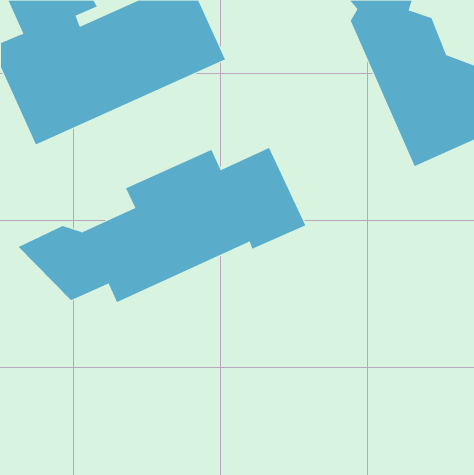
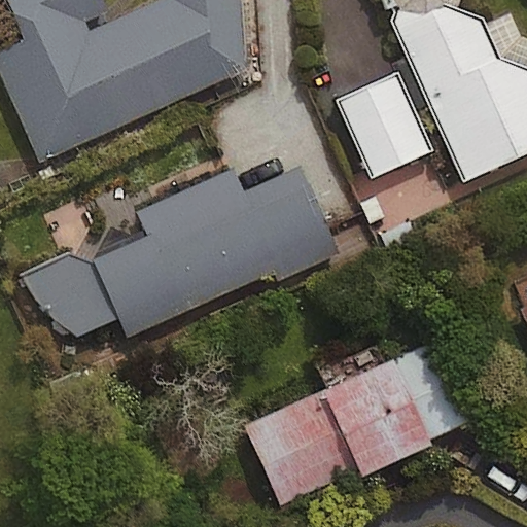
building: none -> [333,73,427,176]
building: none -> [247,331,487,503]

